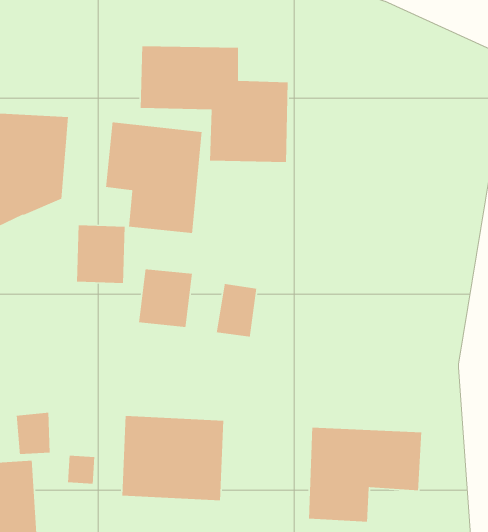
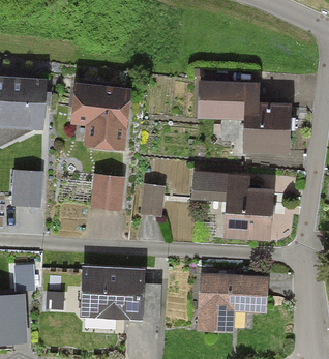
building: [140,46,288,163] -> [199,79,292,152]
building: [76,224,126,284] -> [12,169,43,206]
building: none -> [191,171,274,241]

